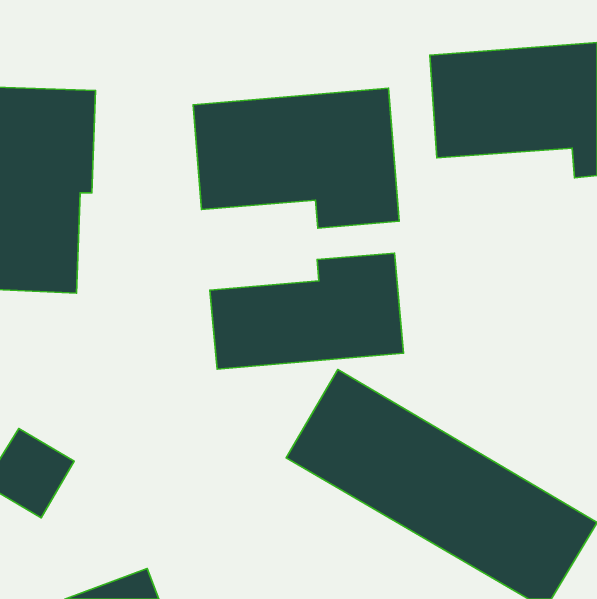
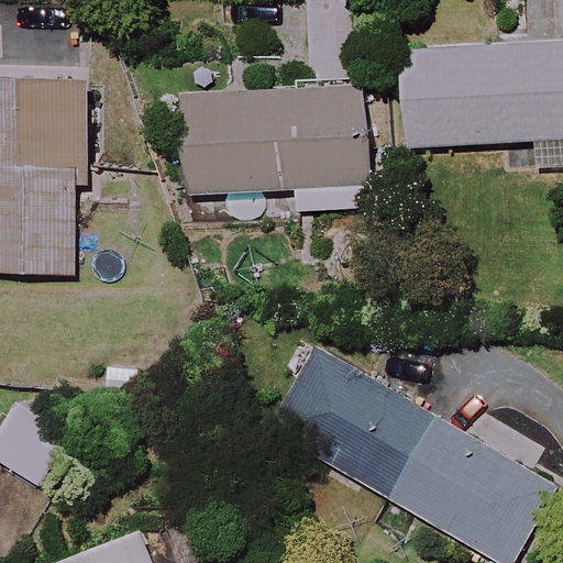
building: [210,253,404,369] -> none

